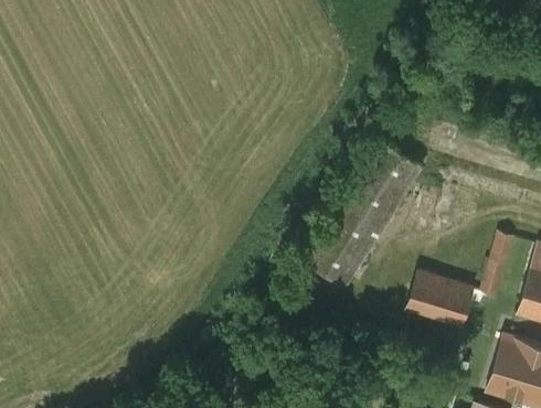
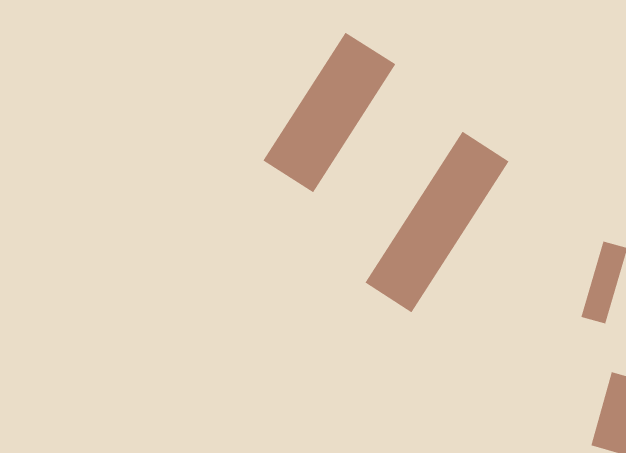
building: none -> [263,32,396,193]
building: [407,272,475,325] -> none

